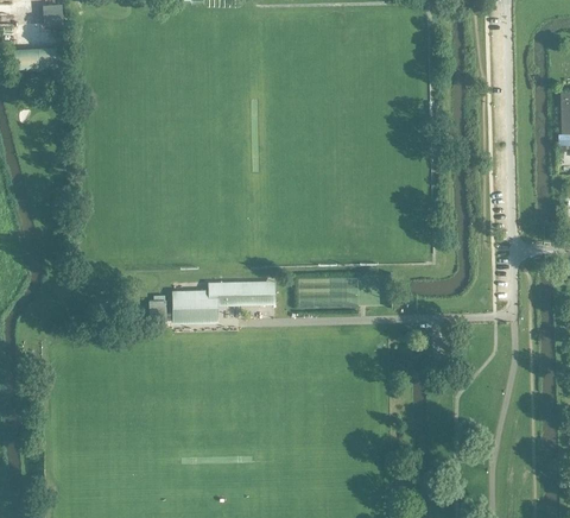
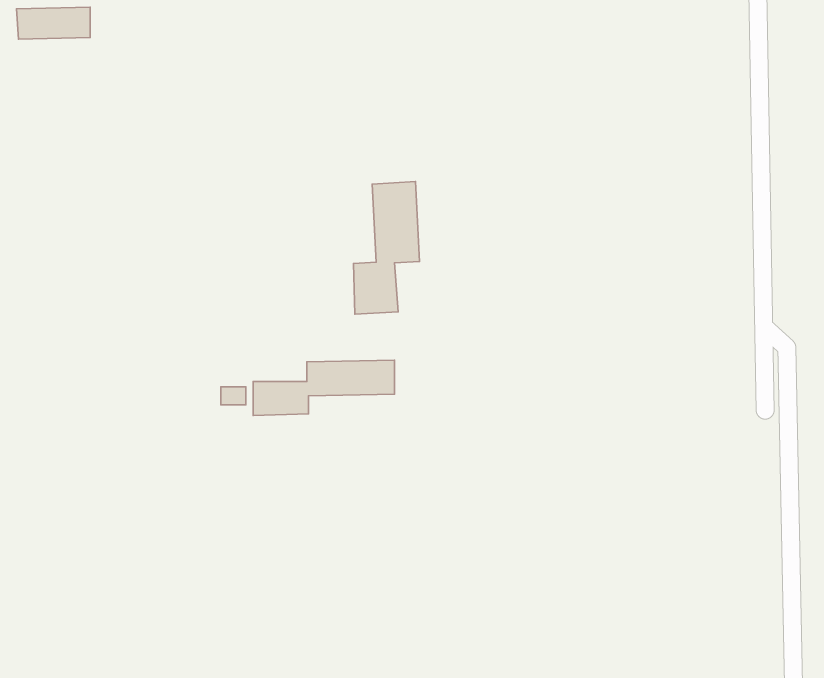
building: none -> [353,182,419,314]

